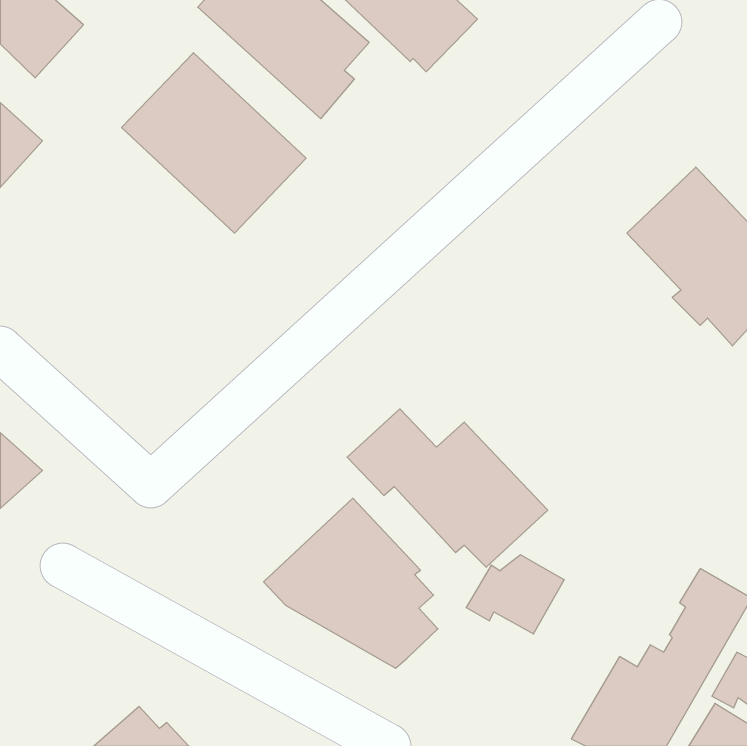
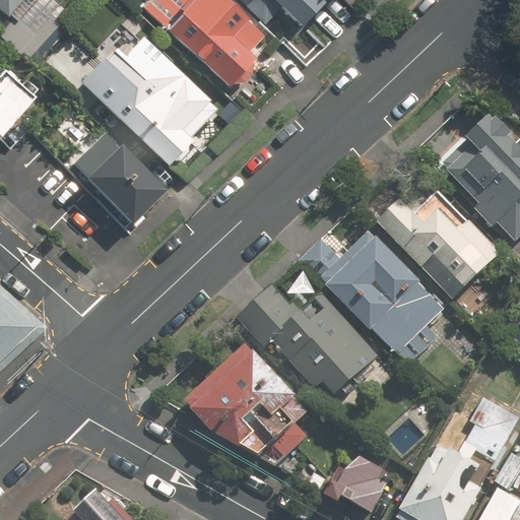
building: none -> [74,134,162,225]
building: none -> [377,183,498,317]
building: none -> [306,233,446,362]
building: [466,555,564,634] -> [324,454,392,509]

